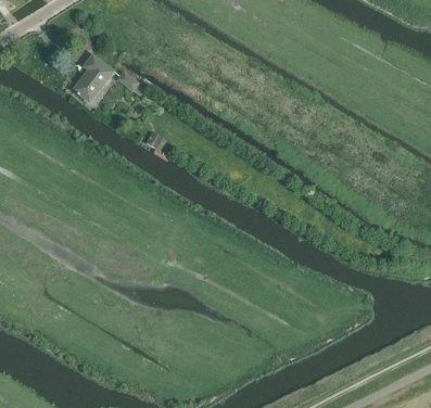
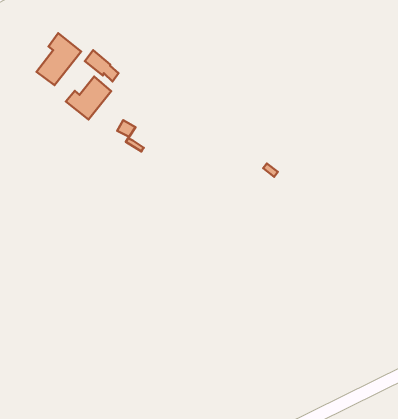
building: none -> [66,77,111,119]

